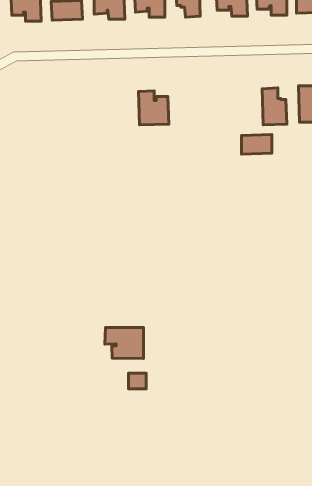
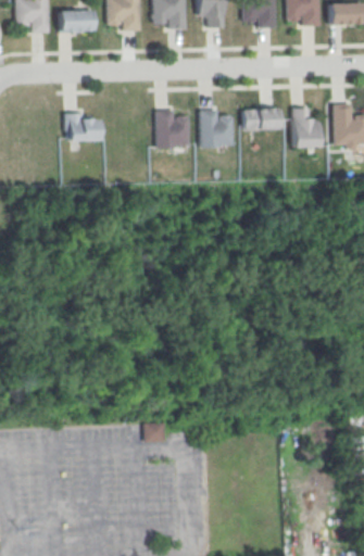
building: none -> [200,110,234,147]
building: none -> [64,113,99,141]
building: [241,134,272,154] -> [244,110,278,131]
building: [105,327,143,358] -> none

